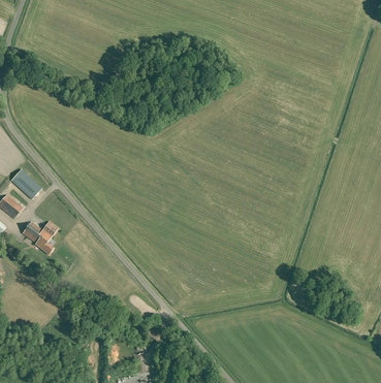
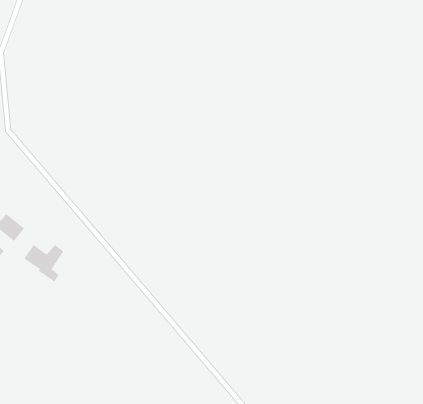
building: [11,169,42,199] -> none

